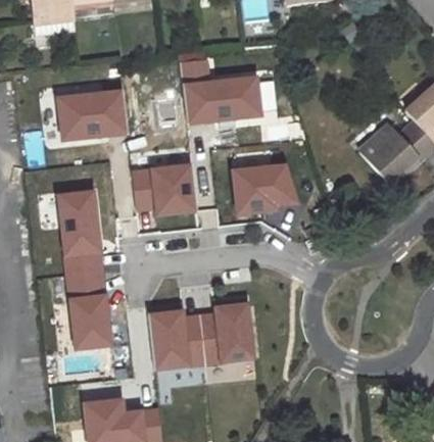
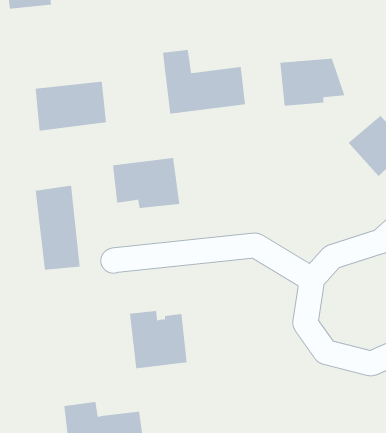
building: [233,165,296,211] -> [279,58,345,106]
building: [66,269,110,347] -> none
building: [199,302,255,361] -> none

